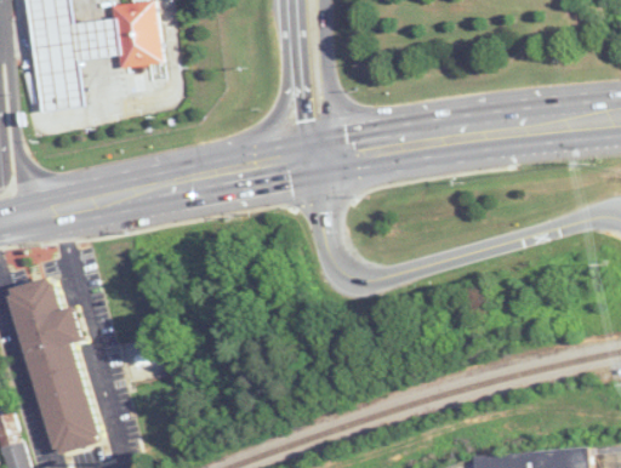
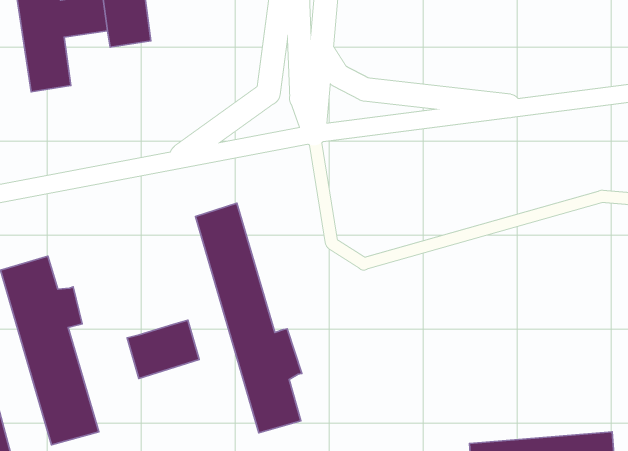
building: none -> [196,203,302,433]
building: none -> [127,320,199,378]

